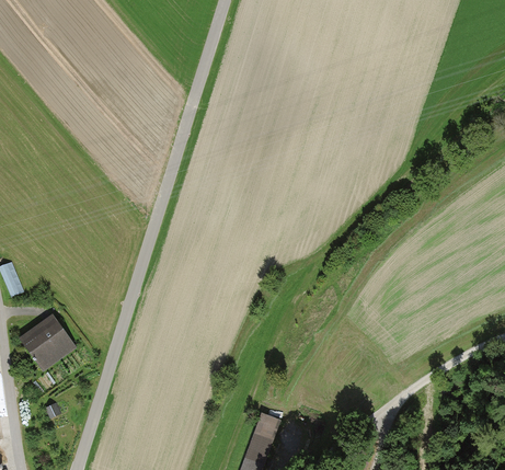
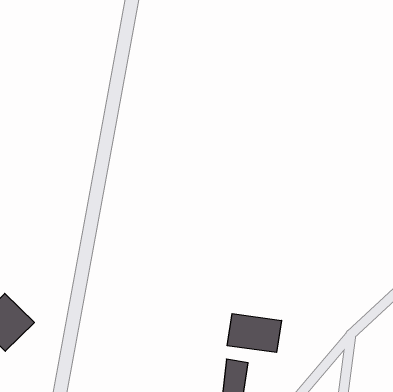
building: none -> [227,314,282,352]

